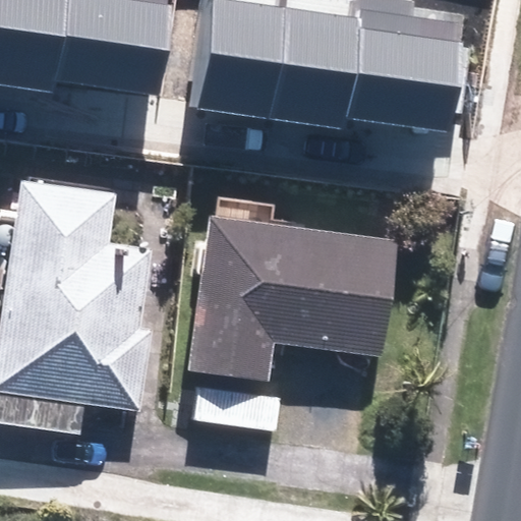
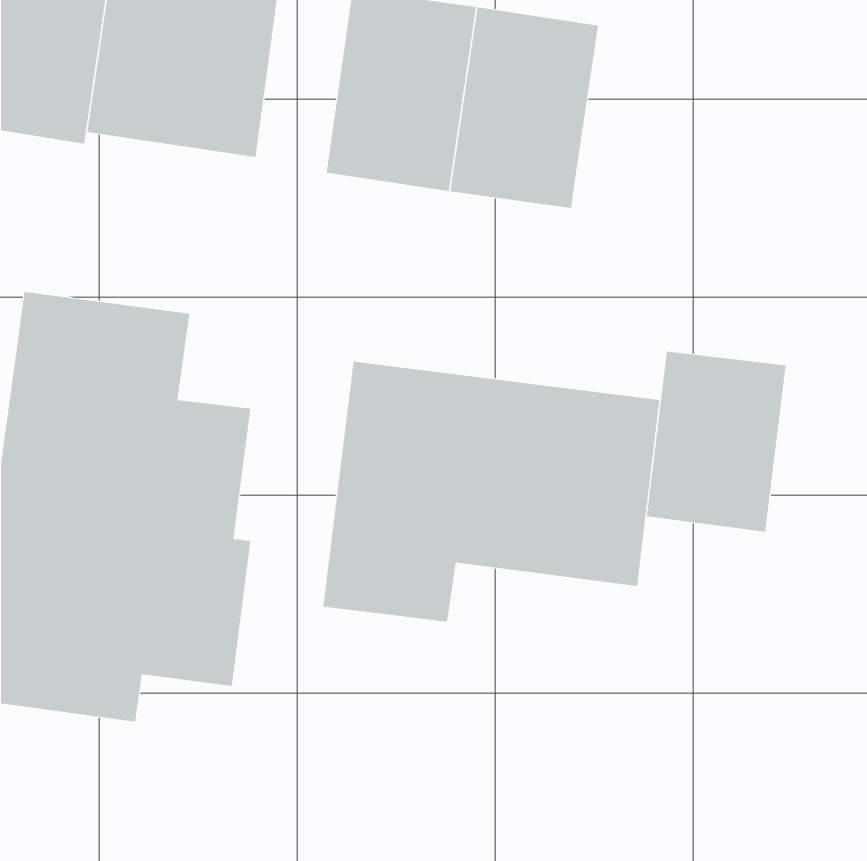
building: [344,7,459,131] -> none
building: none -> [646,351,786,533]

